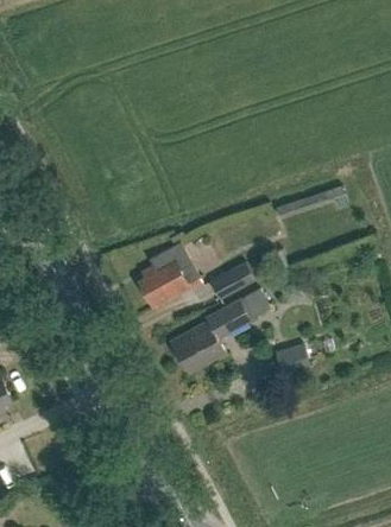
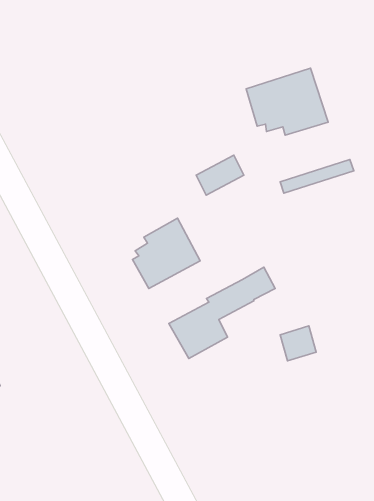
building: none -> [246,68,328,135]
building: [209,262,254,300] -> [196,155,244,195]

